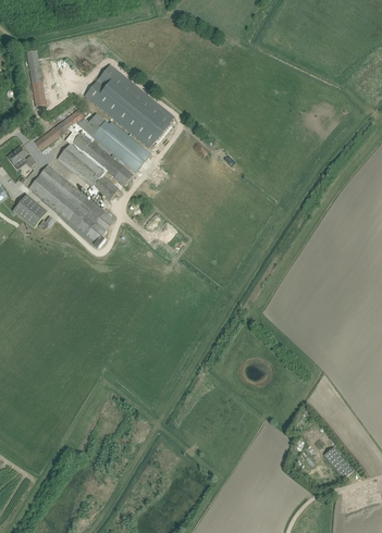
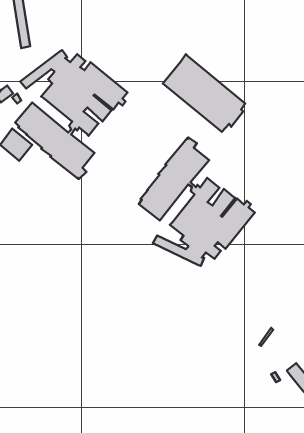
building: [85,64,174,148] -> [163,54,245,132]
building: none -> [139,138,255,266]

